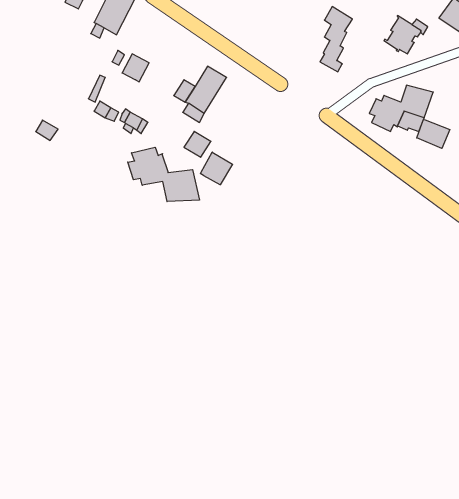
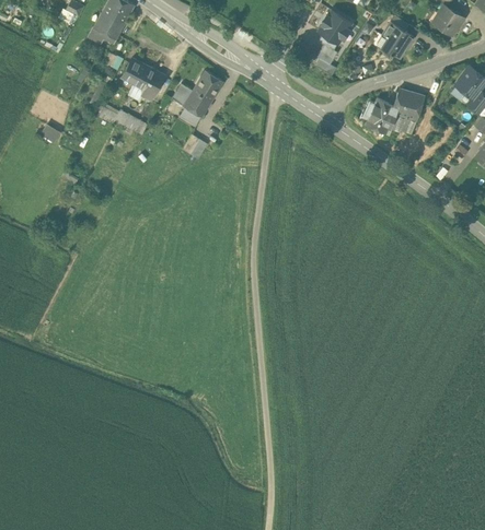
building: none -> [128,67,165,99]
building: [417,120,450,148] -> none
building: [128,147,199,202] -> none
building: [200,152,233,185] -> none

